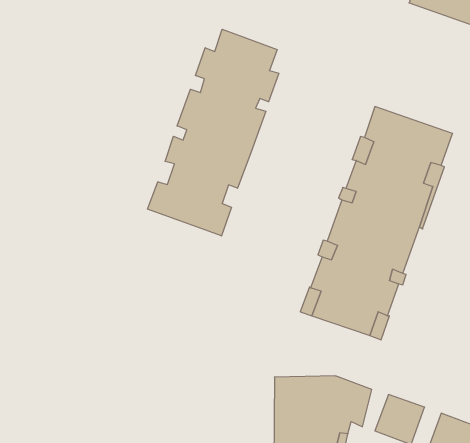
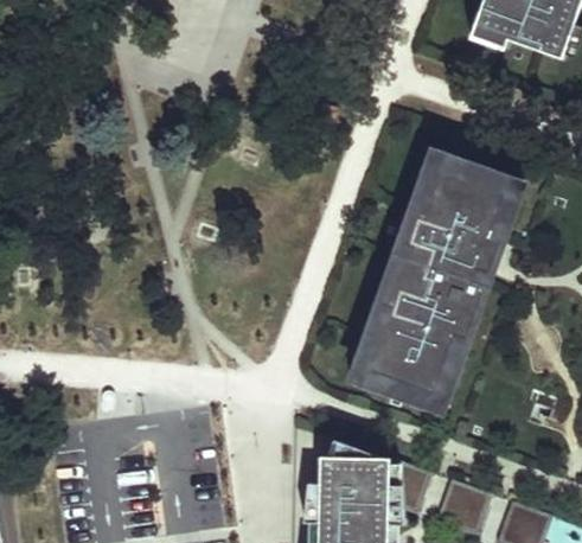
building: [148,29,279,236] -> none

